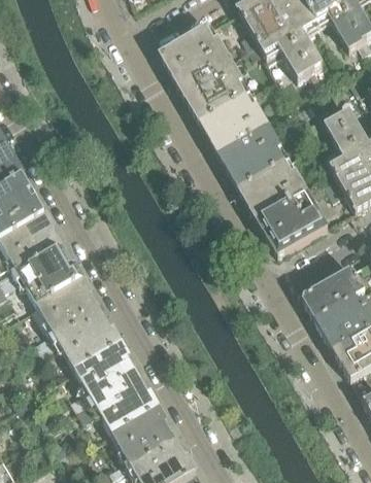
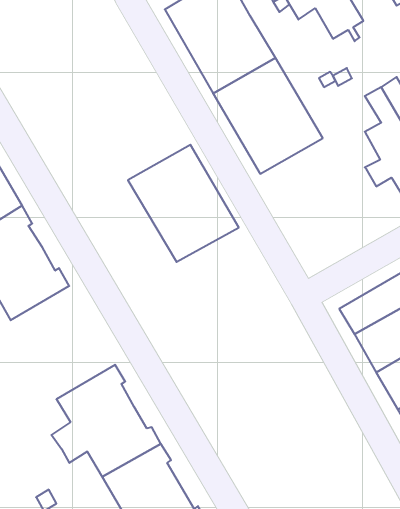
building: [237,156,327,250] -> [128,145,239,262]
building: [33,275,120,367] -> none

